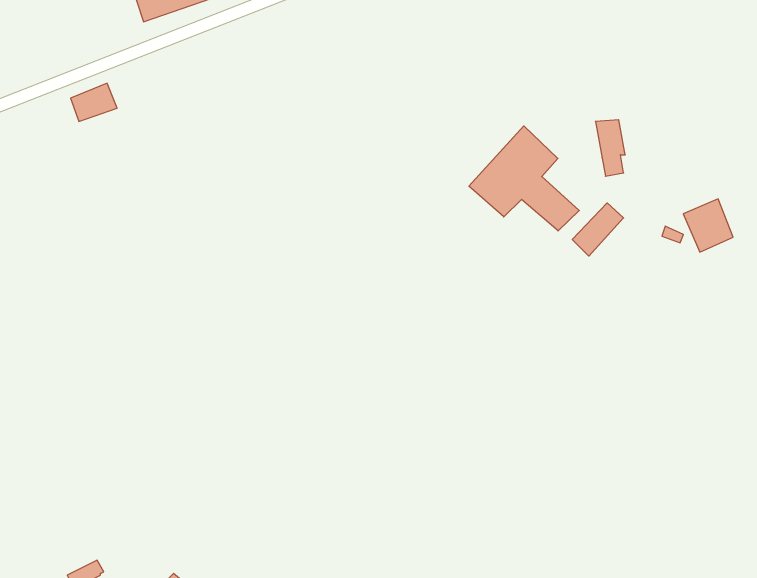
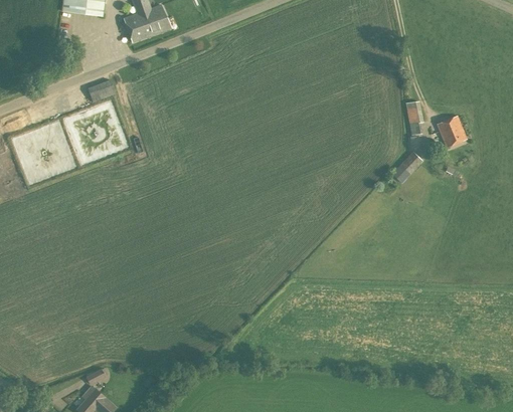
building: [469,126,579,231] -> none
building: [683,199,733,252] -> [437,116,467,148]

